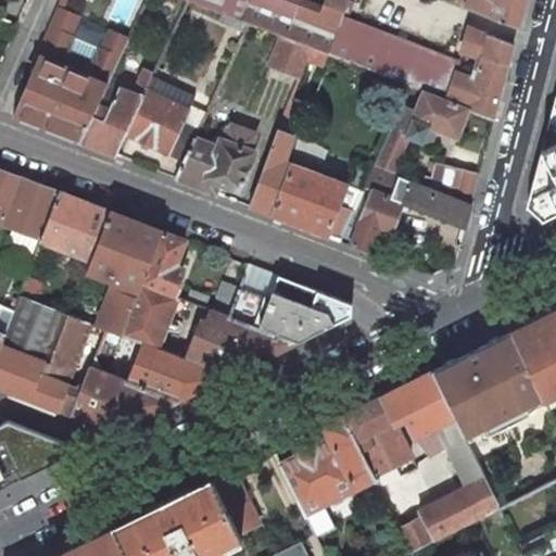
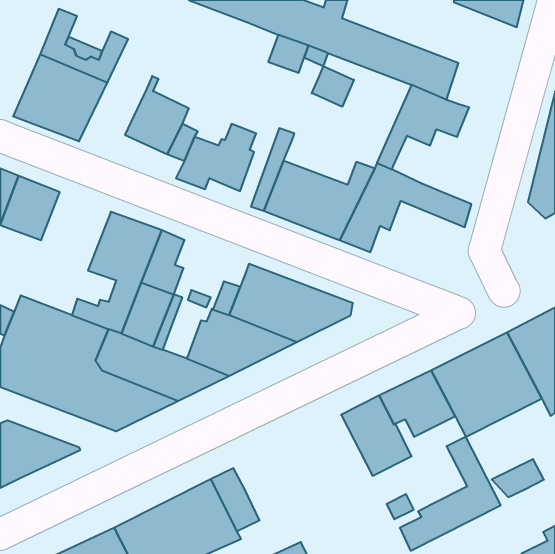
building: [458,30,513,118] -> none
building: none -> [312,66,354,107]
building: [79,70,154,155] -> none
building: [440,166,479,205] -> none
building: [41,193,111,261] -> none
building: [280,416,374,513] -> none
building: [414,417,466,455] -> [492,459,544,497]

